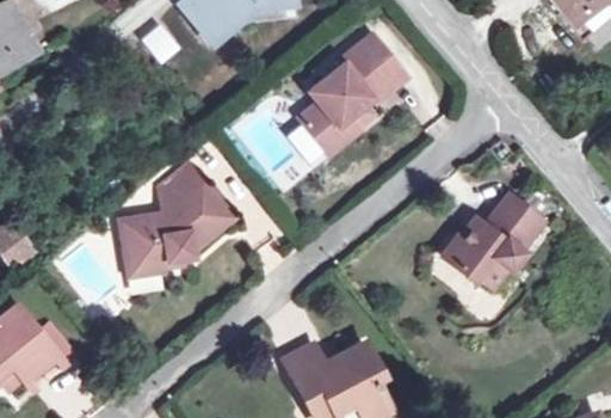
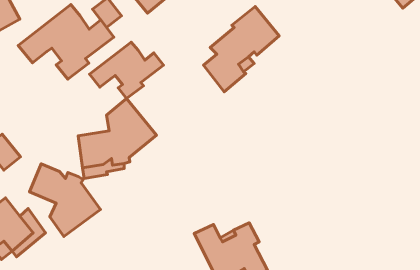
building: none -> [18,5,114,79]
building: none -> [90,42,163,98]
building: [443,192,543,287] -> none
building: none -> [29,164,101,236]

